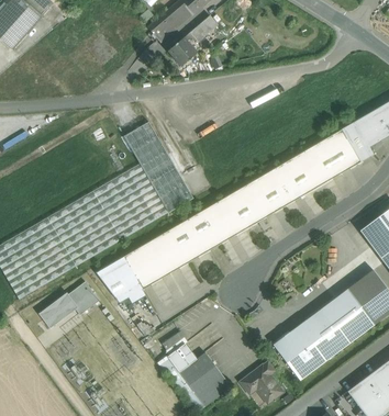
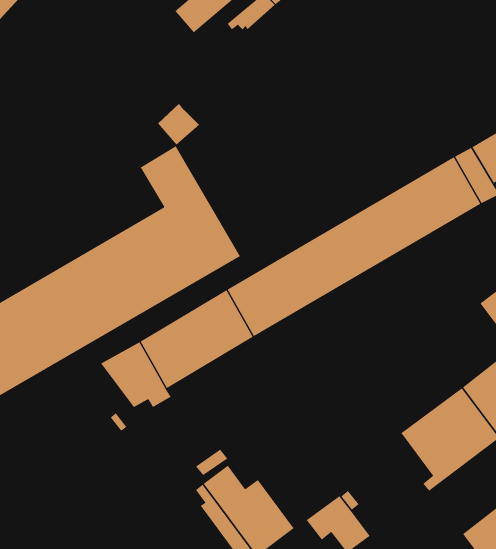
building: [168,36,198,66] -> [157,103,200,146]
building: [40,281,100,327] -> none
building: [273,321,326,380] -> none

